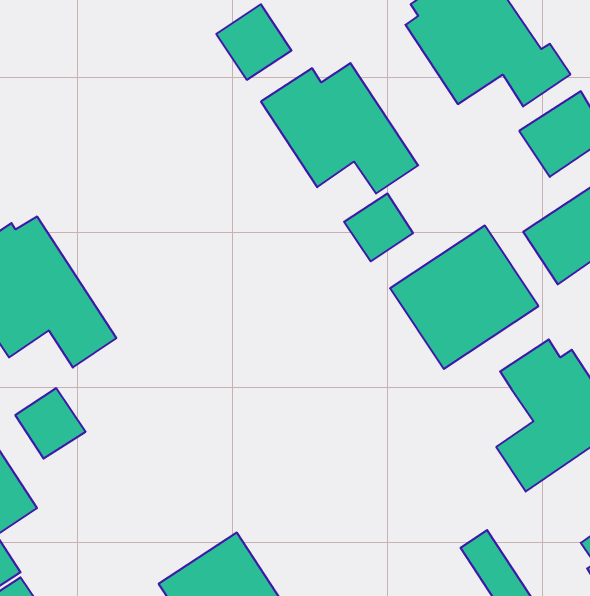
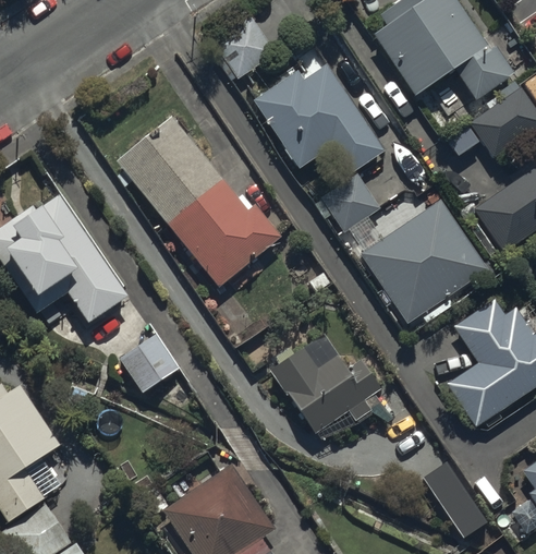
building: none -> [115,115,275,284]
building: [15,388,86,459] -> [121,334,181,394]
building: none -> [271,347,382,434]

